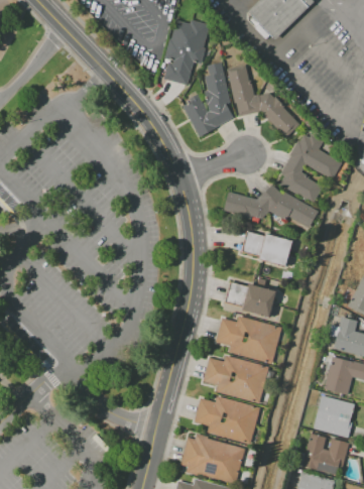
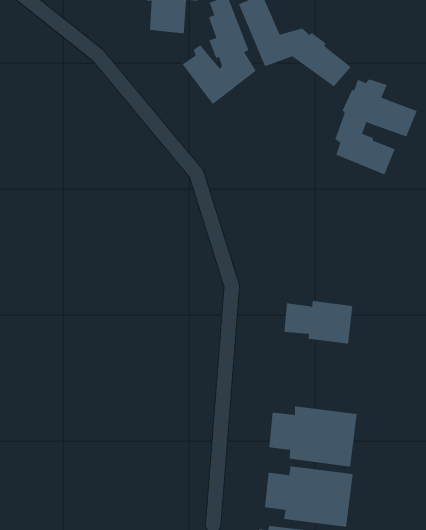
building: [222,185,317,228] -> none
building: [241,232,292,266] -> none
building: [215,316,280,364] -> none

